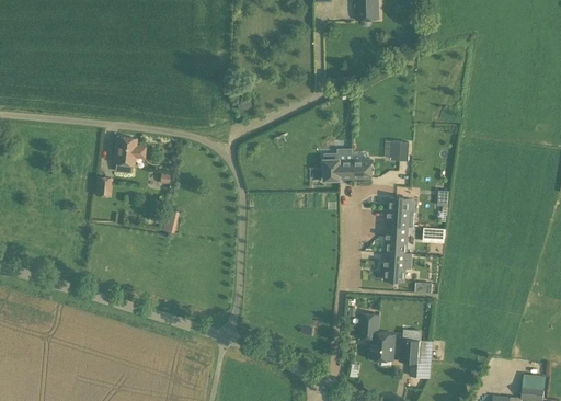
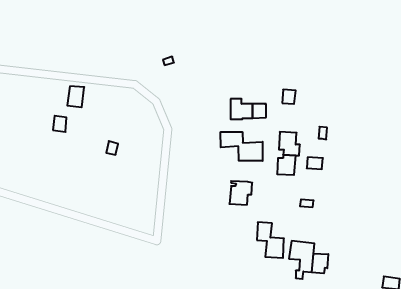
building: none -> [221,132,263,161]
building: [382,251,412,282] -> [229,181,252,205]
building: none -> [312,254,328,273]

